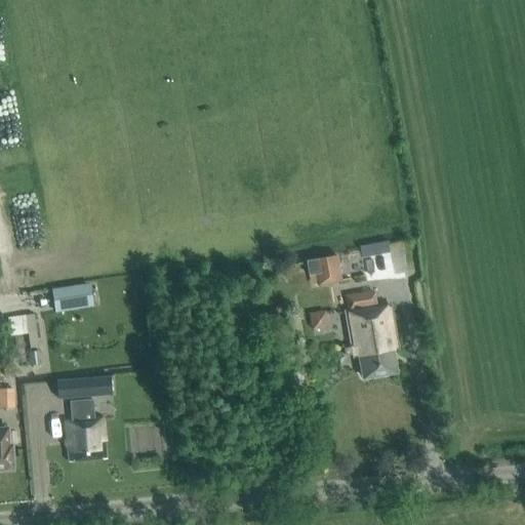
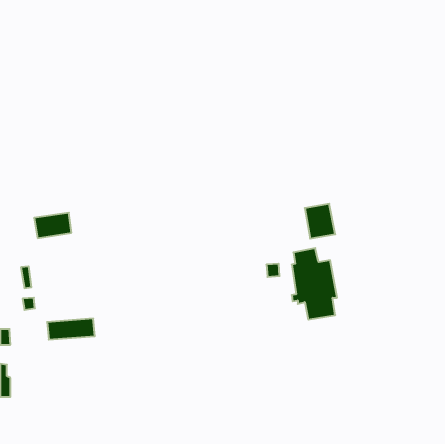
building: [306,254,342,285] -> none
building: [55,280,99,310] -> [34,213,71,238]
building: [66,400,107,462] -> none

